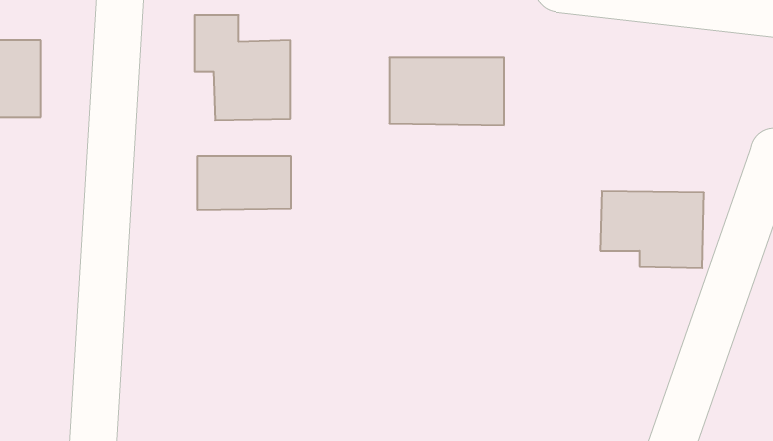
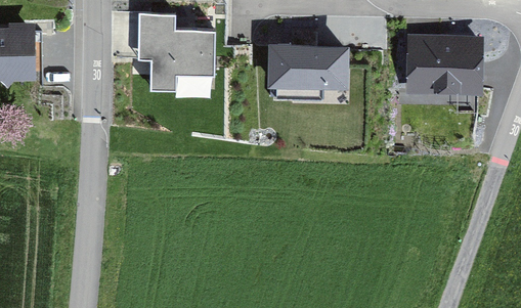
building: [198,156,291,210] -> none
building: [600,191,704,268] -> [410,39,478,89]

